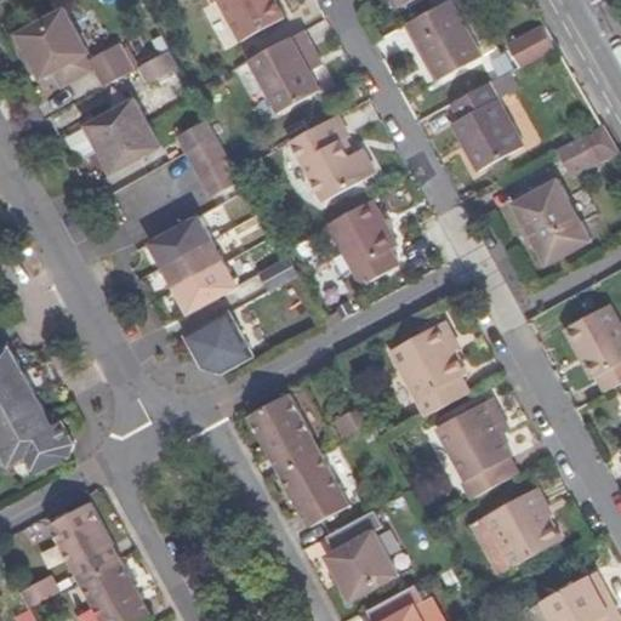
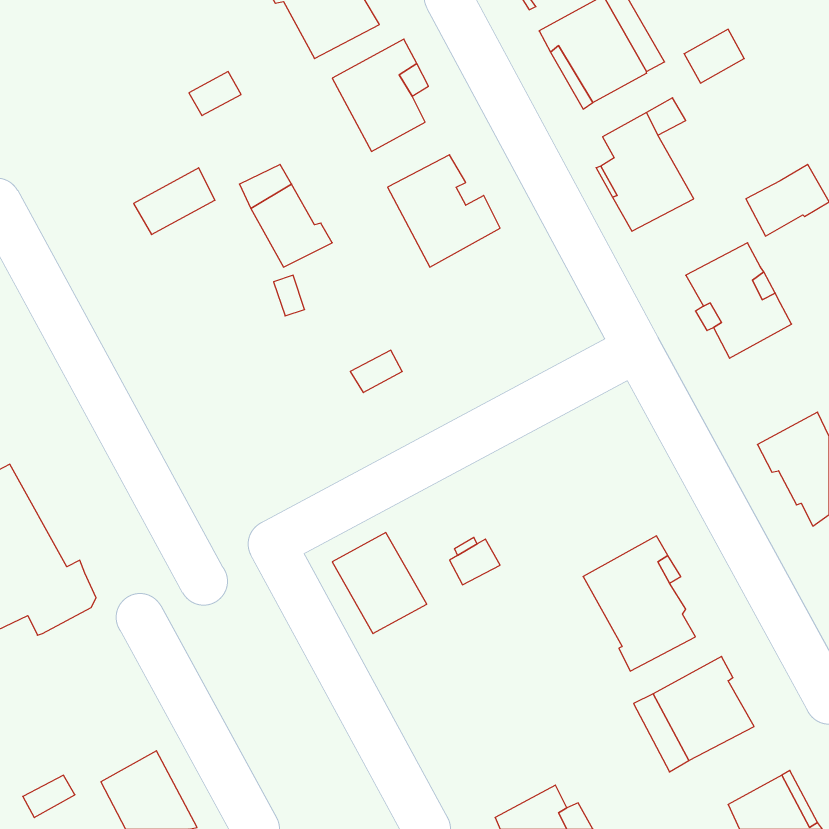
building: [15,12,131,87] -> none
building: [86,101,148,152] -> none
building: [327,200,398,287] -> none
building: [152,218,239,317] -> none
building: [180,310,250,371] -> none
building: [388,320,469,417] -> none
building: [278,450,349,526] -> none
building: [45,503,116,582] -> none
building: [324,511,398,604] -> none

